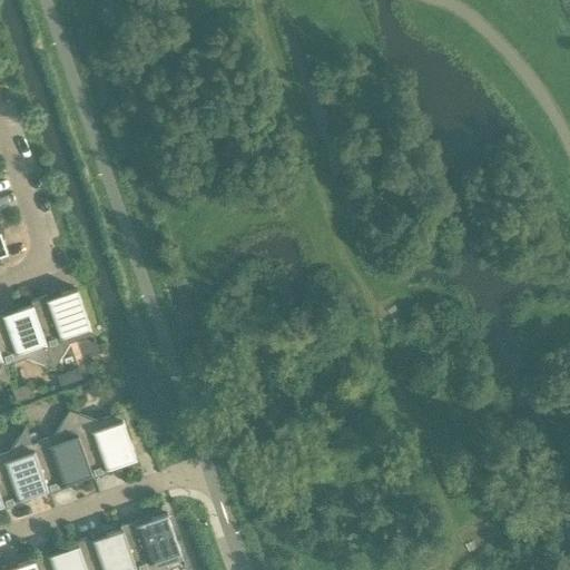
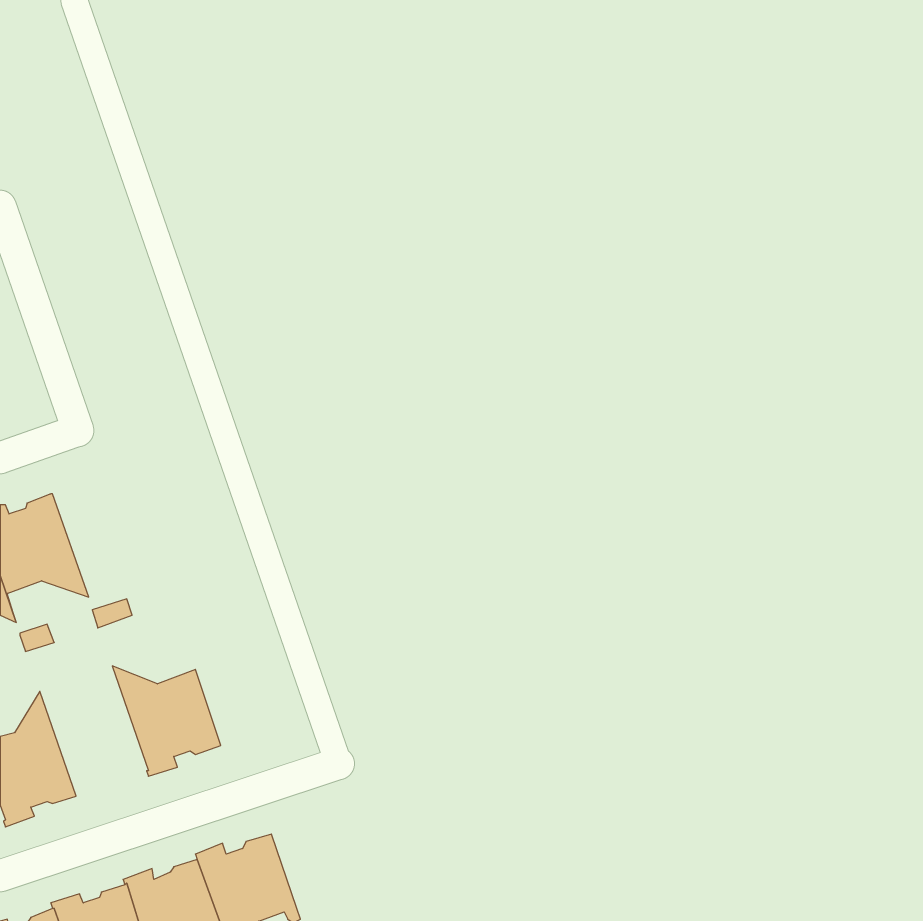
building: [31,291,94,370] -> none
building: [26,412,92,495] -> none

